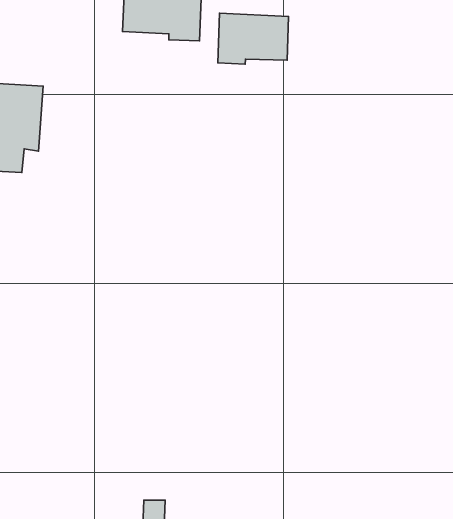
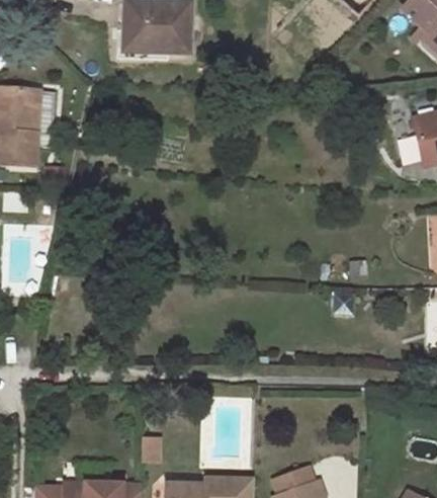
building: [218,13,289,64] -> none

